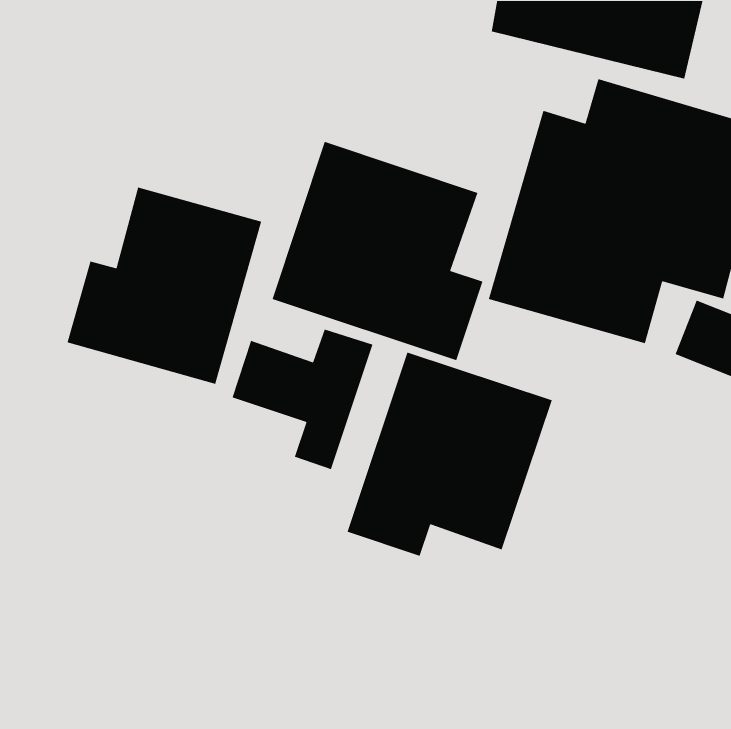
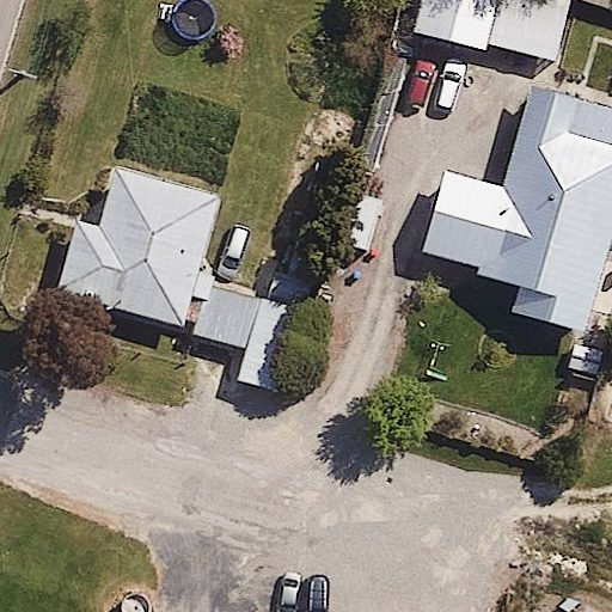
building: [272,141,483,361] -> none
building: [347,352,553,557] -> none

